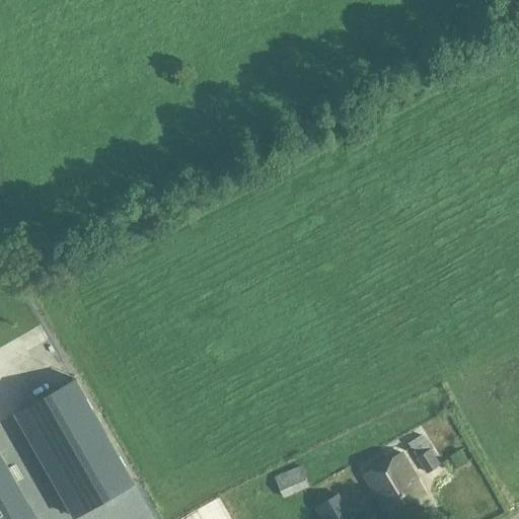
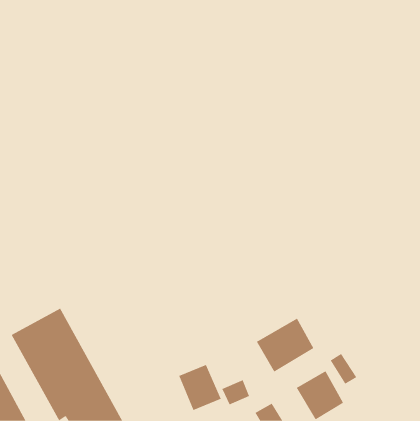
building: none -> [256,318,314,373]
building: none -> [178,364,221,411]

